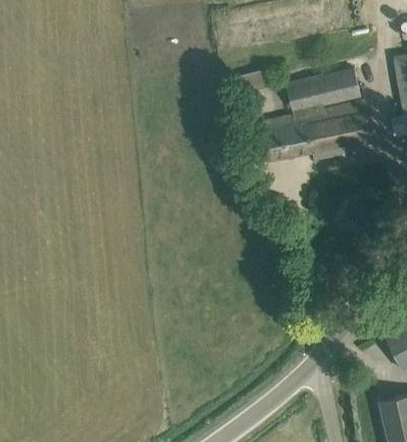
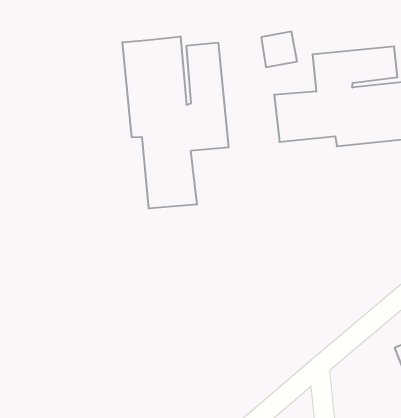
building: none -> [123,36,228,209]

